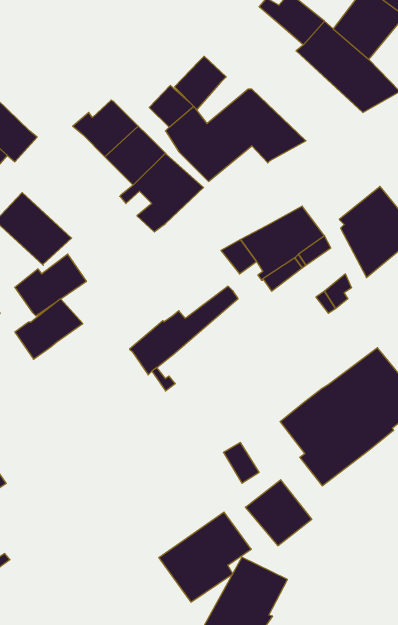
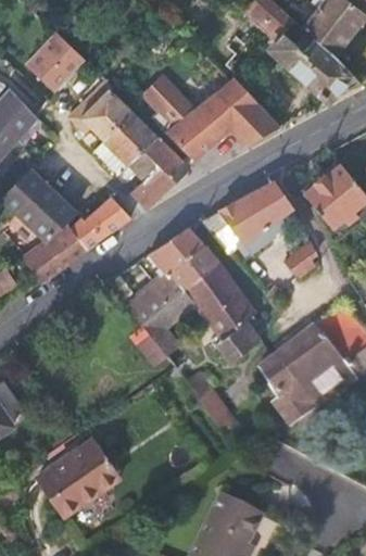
building: none -> [25,34,77,84]
building: [175,56,226,109] -> none
building: none -> [151,230,211,281]
building: none -> [164,264,261,361]
building: [15,299,83,359] -> [70,195,129,249]
building: [245,480,312,546] -> none
building: [159,512,251,602] -> [38,440,119,519]

